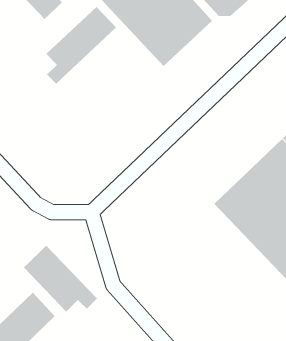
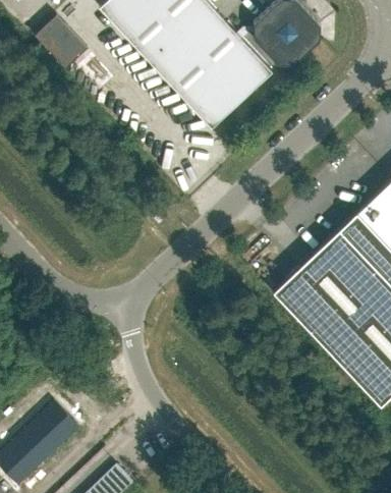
building: [46,6,117,85] -> none
building: [23,245,98,313] -> none

